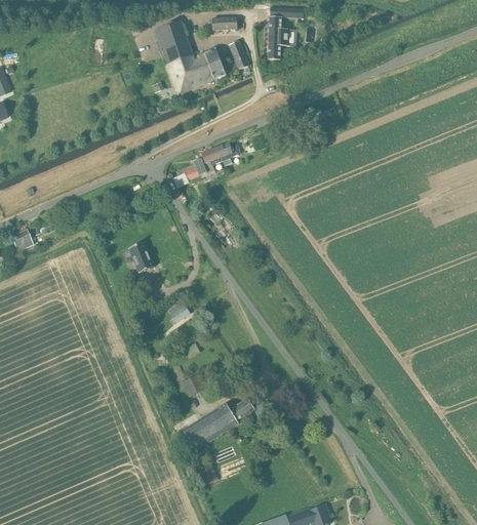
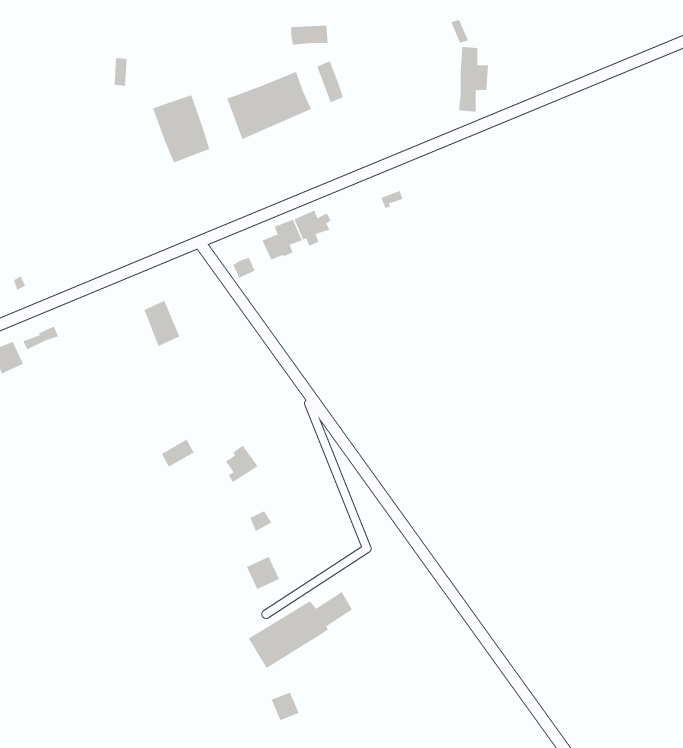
building: [267,16,287,60] -> [458,46,489,112]
building: [154,21,193,67] -> [152,94,210,163]
building: [127,242,153,274] -> [142,300,180,347]

